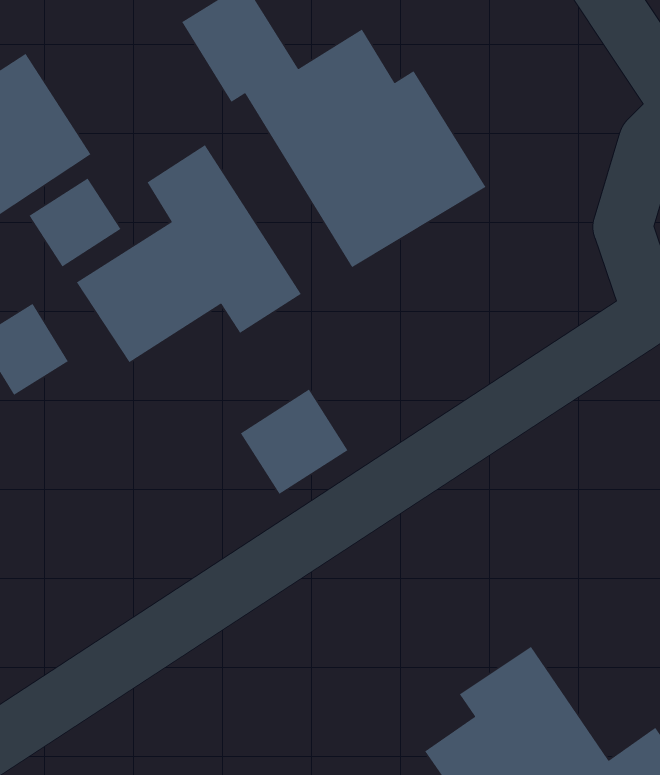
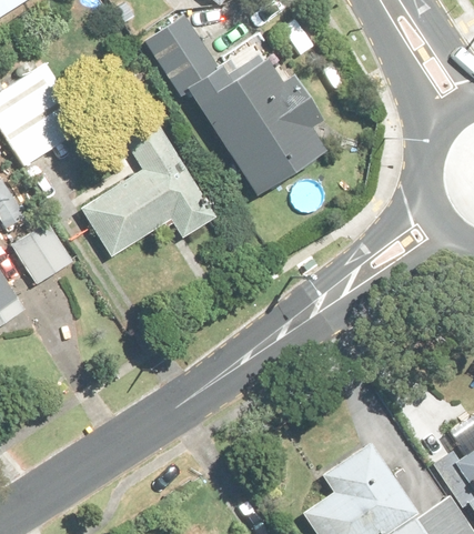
building: [28,177,122,268] -> none
building: [240,388,349,495] -> none

